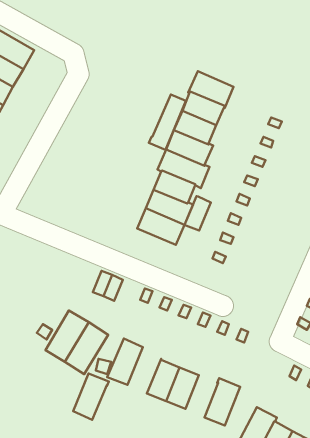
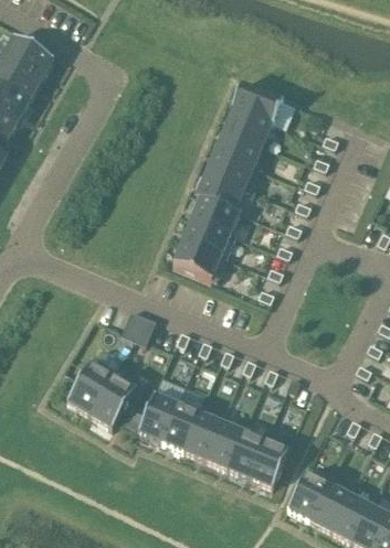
building: [149,95,186,150] -> none
building: [184,196,211,231] -> none
building: [73,374,109,420] -> [161,397,202,450]
building: none -> [228,429,265,477]

